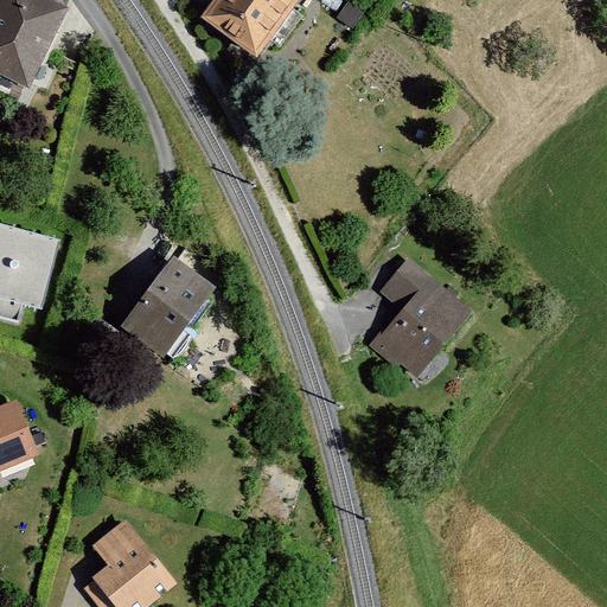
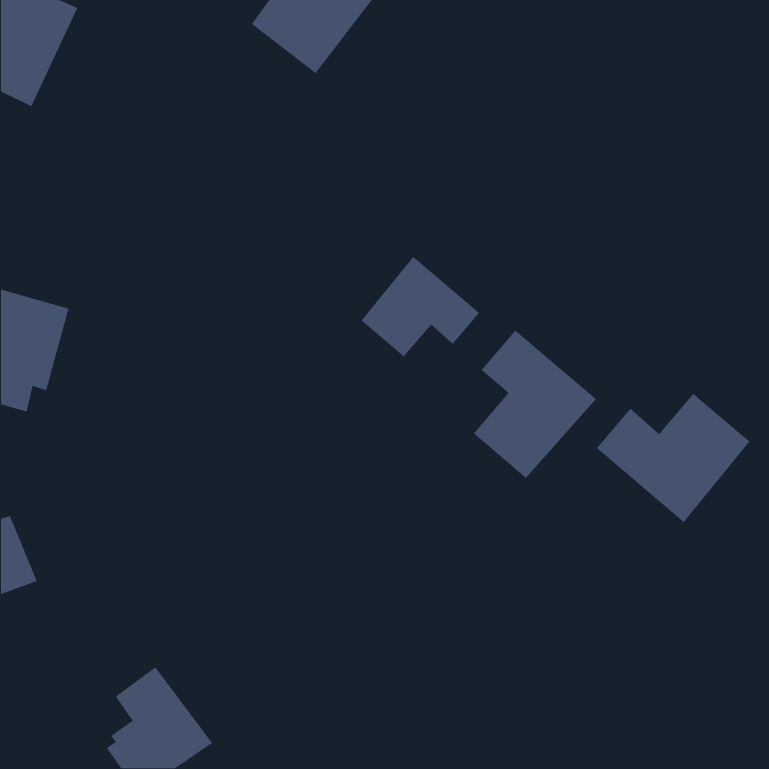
building: none -> [360,256,480,358]
building: [121,257,216,357] -> none
building: none -> [596,393,750,523]

